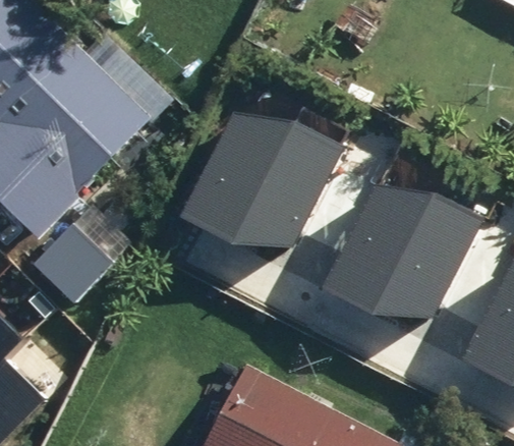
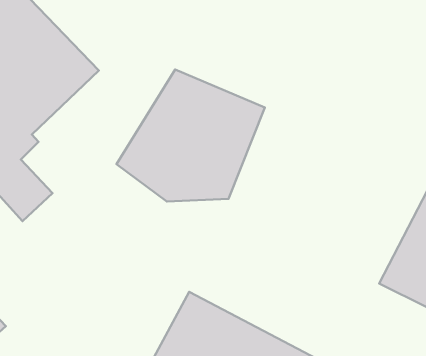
building: [319,189,480,319] -> none

